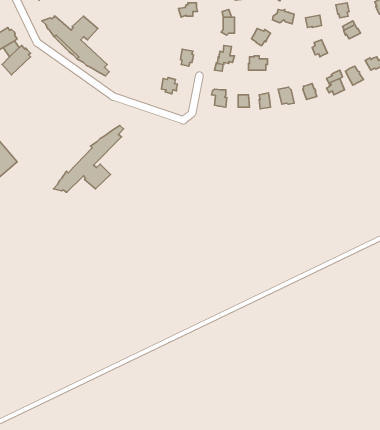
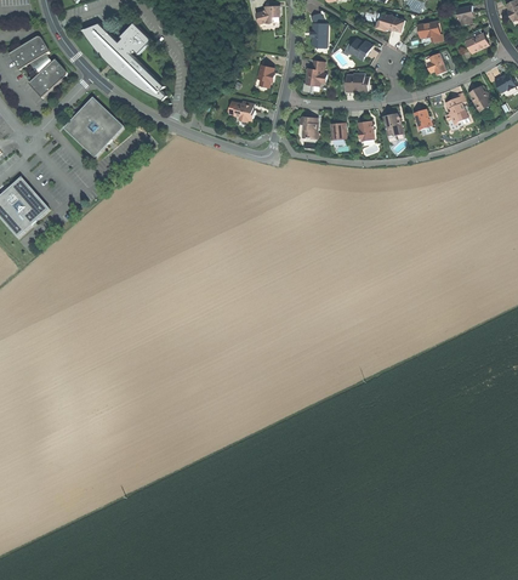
building: none -> [64,97,123,157]
building: [53,126,124,192] -> none

